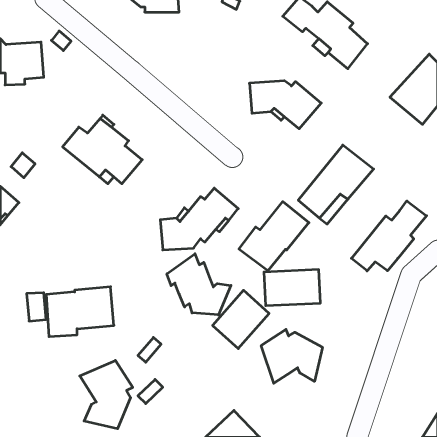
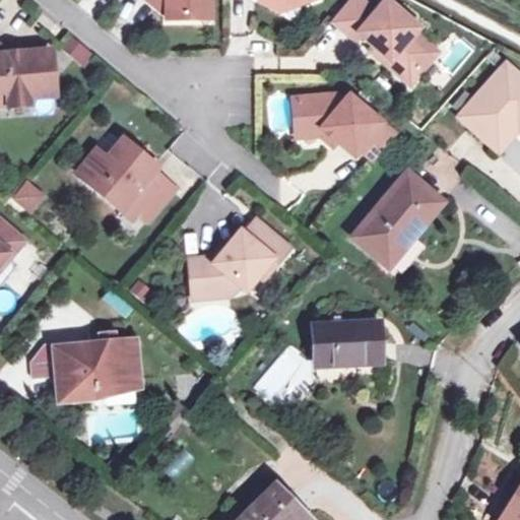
building: [351,201,427,271] -> none
building: [239,202,309,271] -> none
building: [167,254,231,315] -> none
building: [261,329,322,383] -> none
building: [80,360,133,429] -> none

